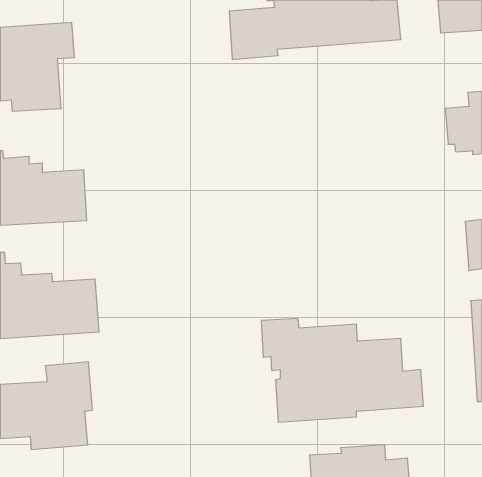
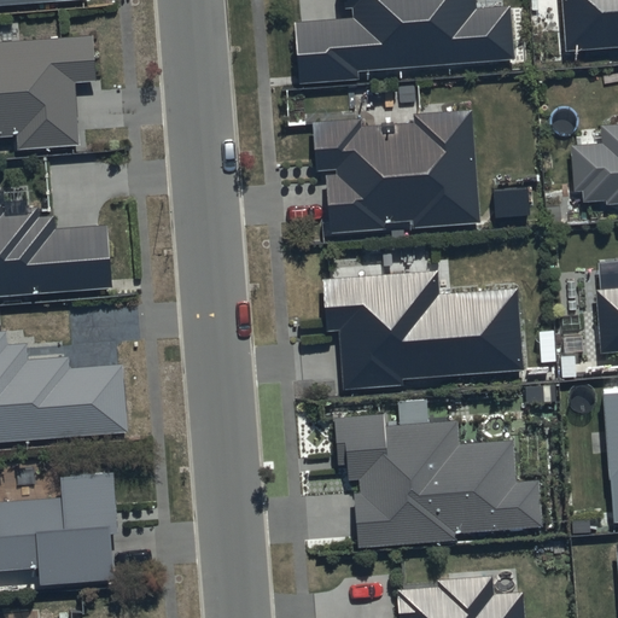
building: none -> [310,109,479,233]
building: none -> [321,270,521,389]

